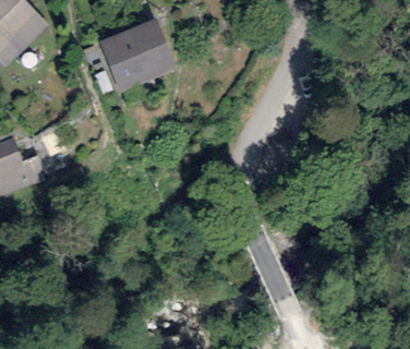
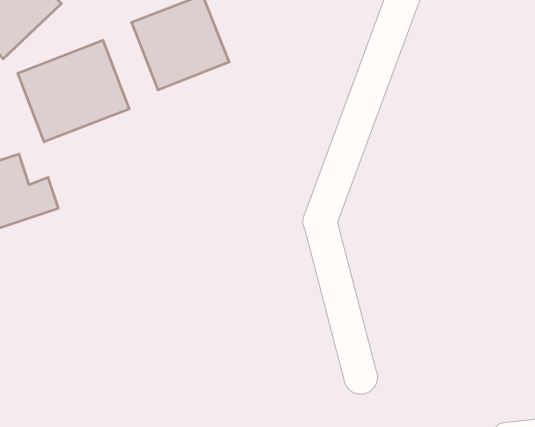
building: none -> [18,40,129,142]

